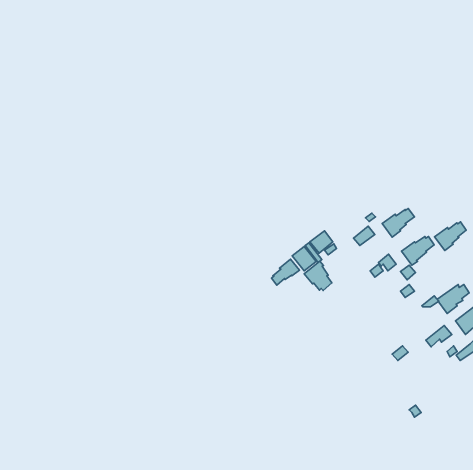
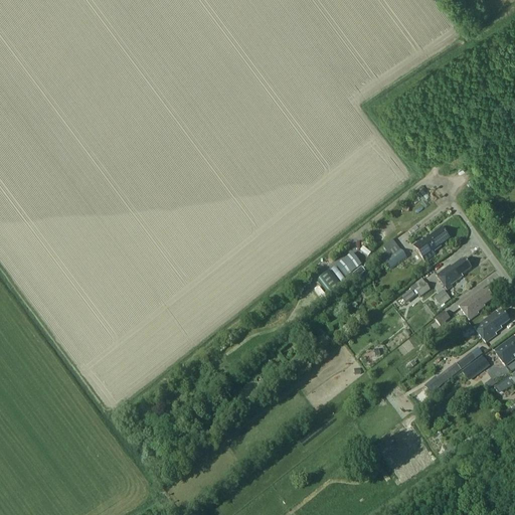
building: [435,222,466,251] -> [460,287,494,318]
building: [271,259,299,285] -> none
building: [304,261,332,291] -> none

